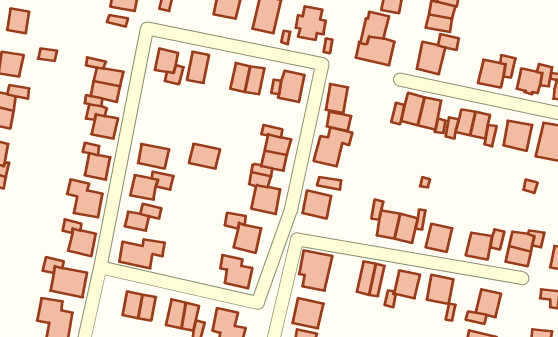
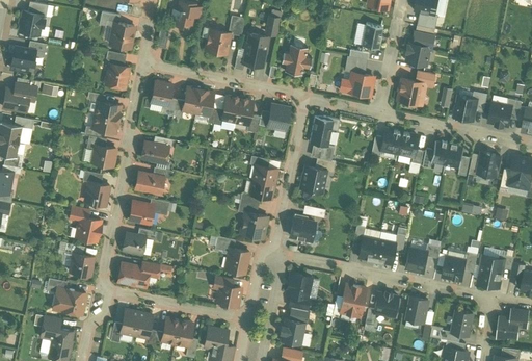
building: none -> [105,63,131,91]
building: none -> [196,89,216,119]
building: [189,144,220,168] -> [141,141,170,164]
building: none -> [498,316,521,339]

